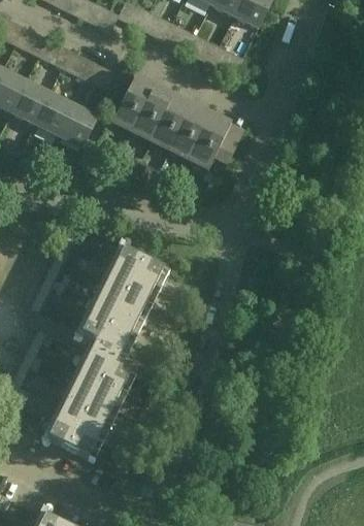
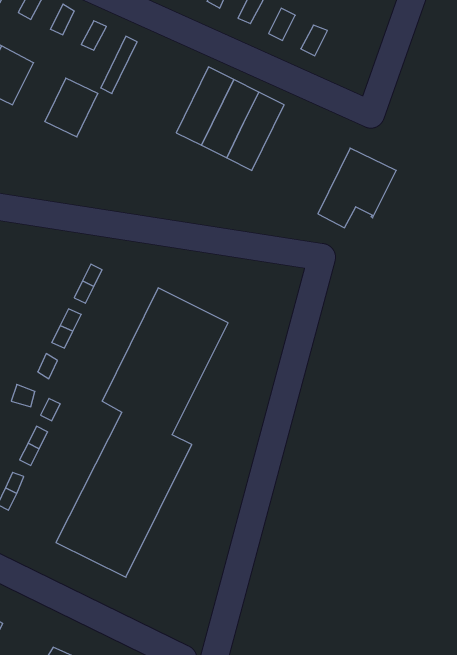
building: [111,75,155,133] -> none
building: [10,81,49,125] -> none
building: [58,104,97,147] -> none
building: [187,112,244,171] -> [318,148,396,228]

